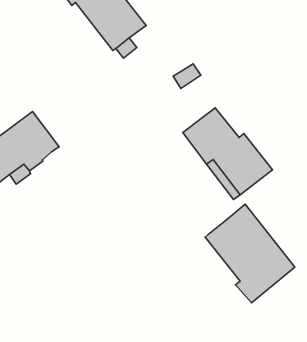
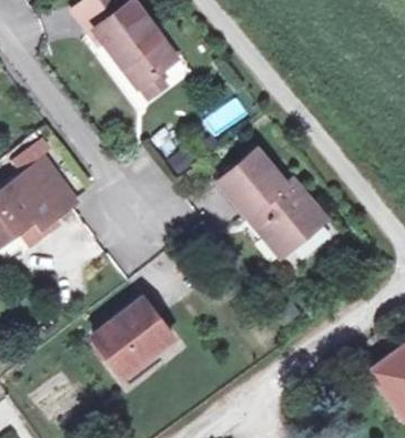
building: [205,204,295,303] -> none
building: none -> [93,298,173,376]

